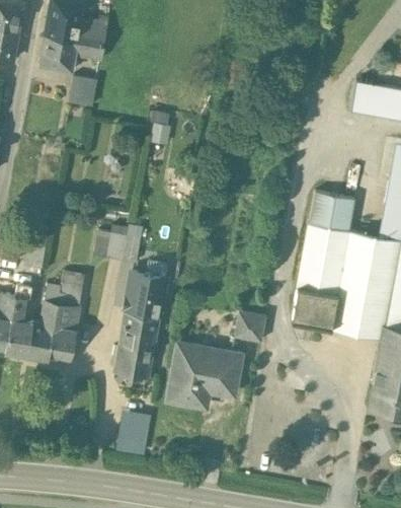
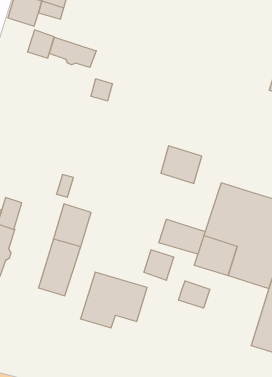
building: none -> [49,37,96,67]
building: [309,192,353,231] -> [161,146,202,183]
building: [93,231,126,261] -> none
building: none -> [159,219,205,254]
building: none -> [179,281,210,308]
building: [115,412,150,454] -> none

